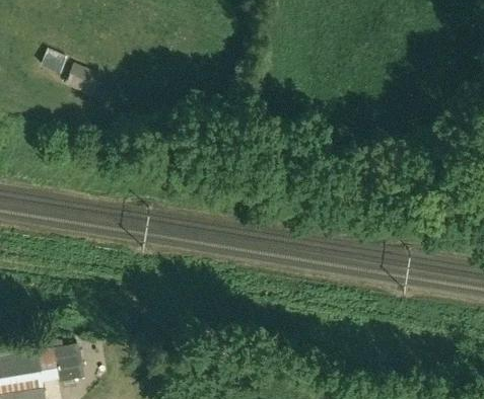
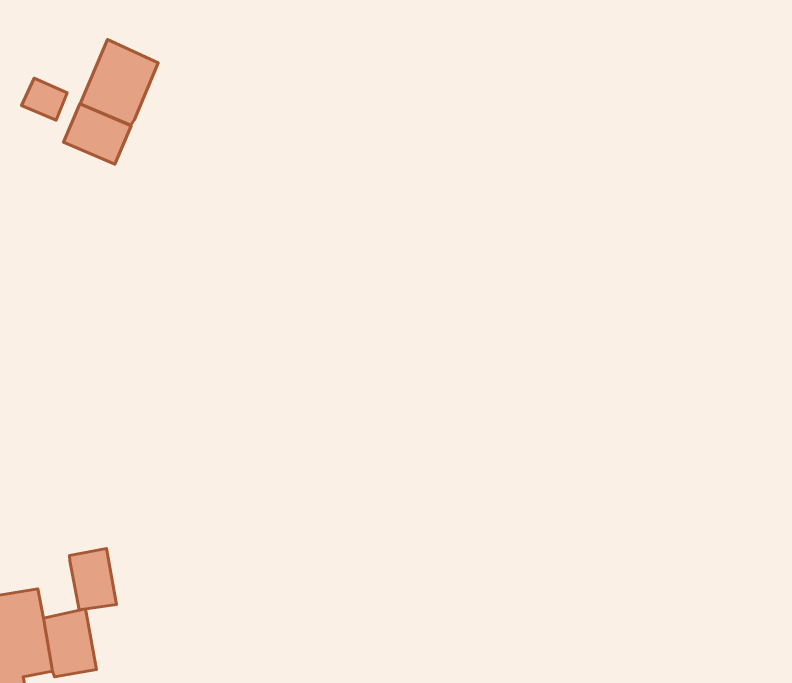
building: none -> [80,40,158,125]
building: none -> [70,549,117,610]

